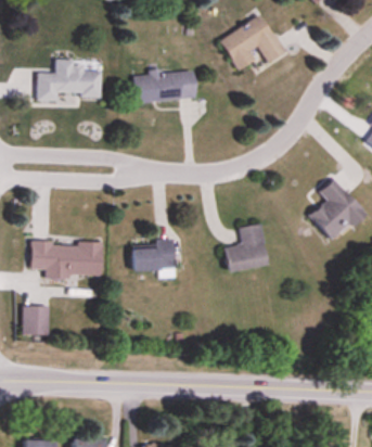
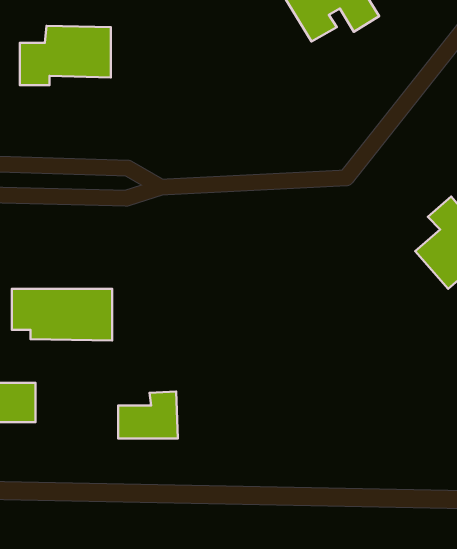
building: [134,72,195,102] -> none
building: [226,225,268,271] -> none
building: [133,239,175,271] -> [118,391,178,438]

